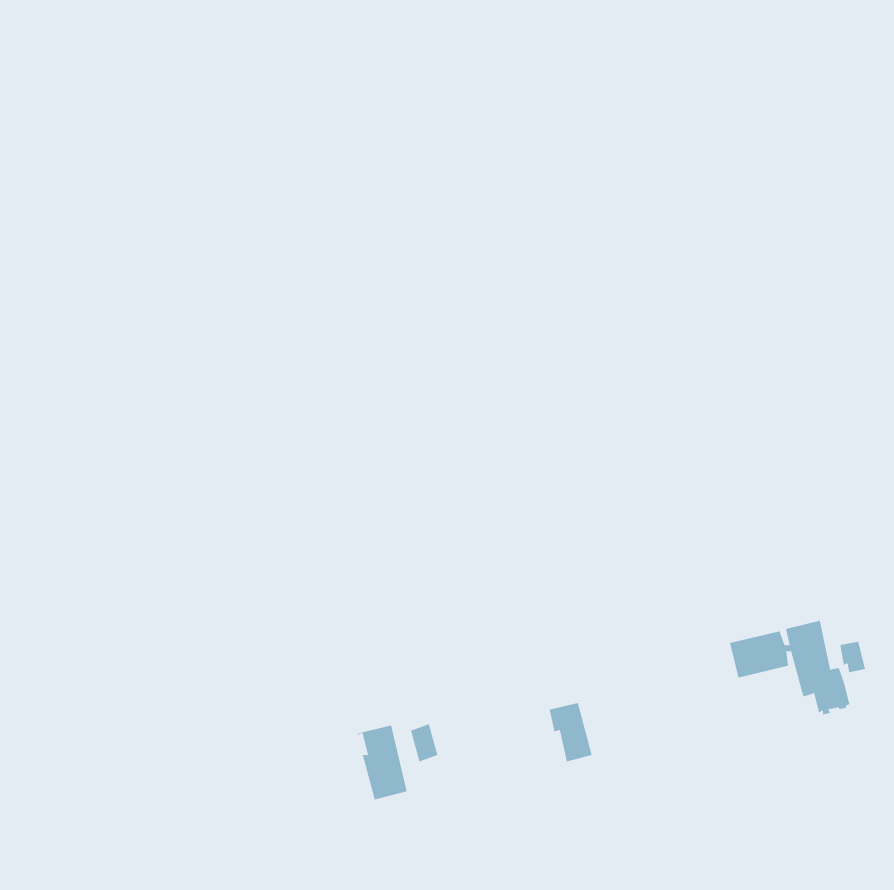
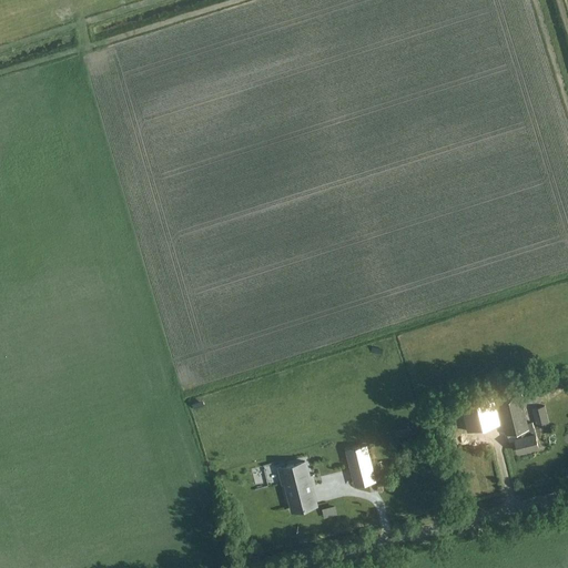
building: [357,725,408,800] -> [282,465,314,513]

